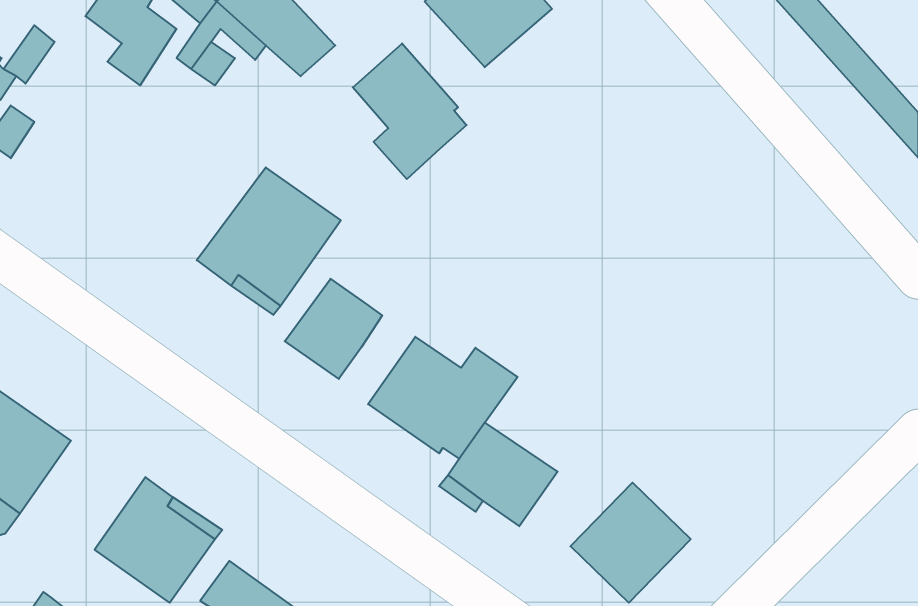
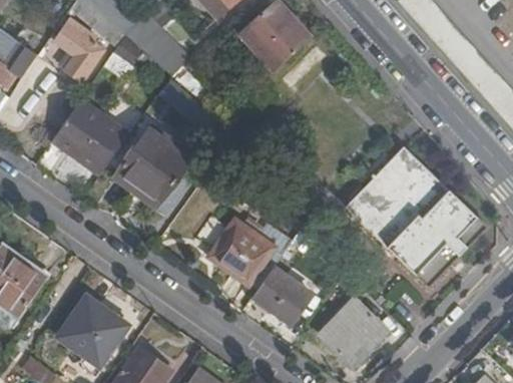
building: [353,43,467,179] -> none
building: none -> [53,98,129,173]
building: none -> [345,146,487,288]
building: [285,279,382,379] -> none

